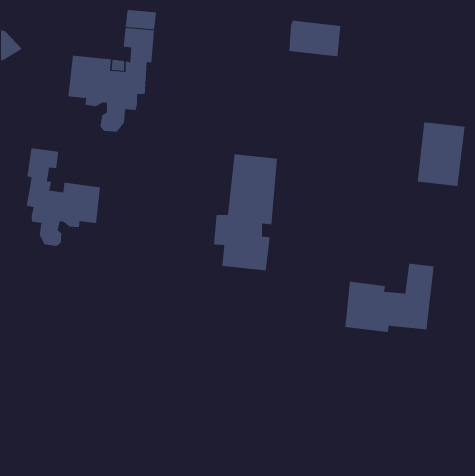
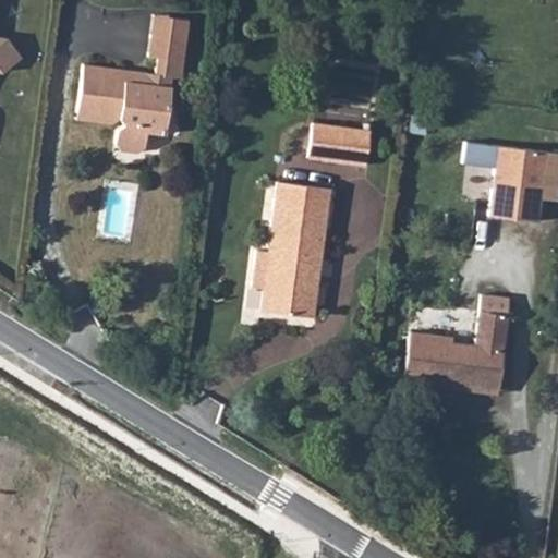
building: [288,20,341,57] -> [308,123,369,166]
building: [26,148,101,247] -> none

